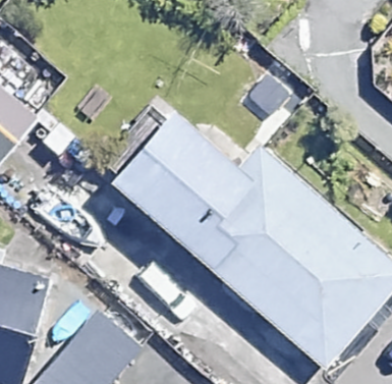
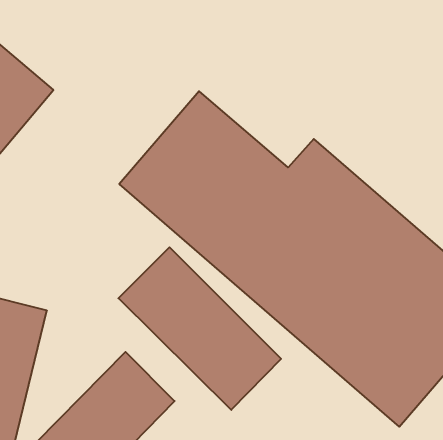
building: none -> [118,247,281,410]

